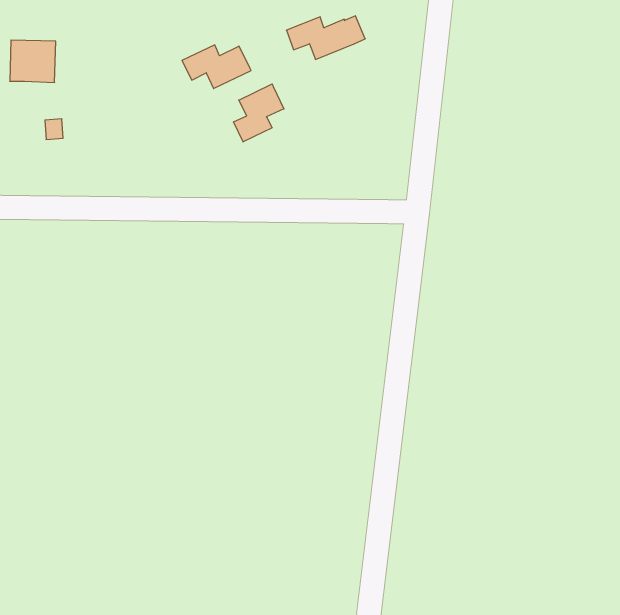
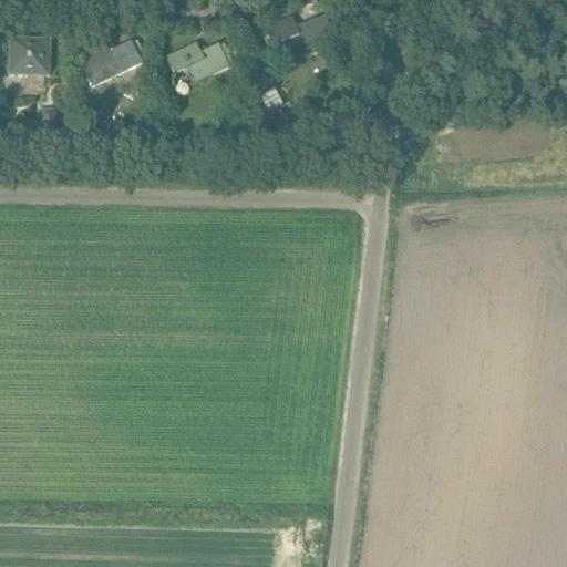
building: none -> [78,39,141,84]
building: [234,84,284,142] -> none

